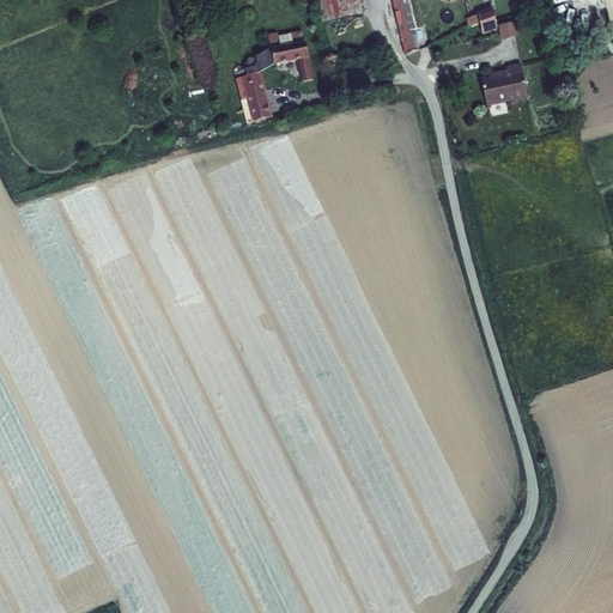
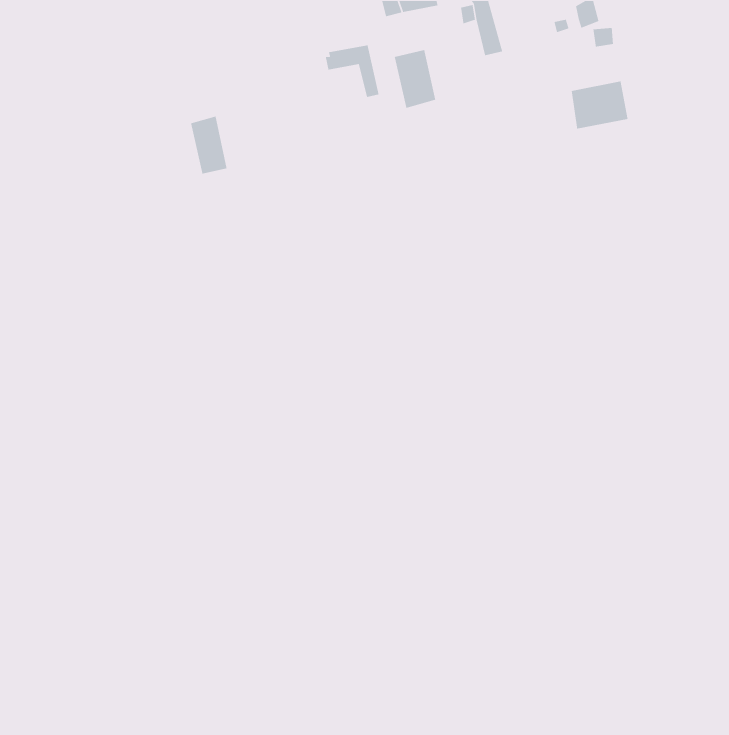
building: none -> [394,49,436,109]
building: [238,67,269,116] -> [190,116,228,175]

